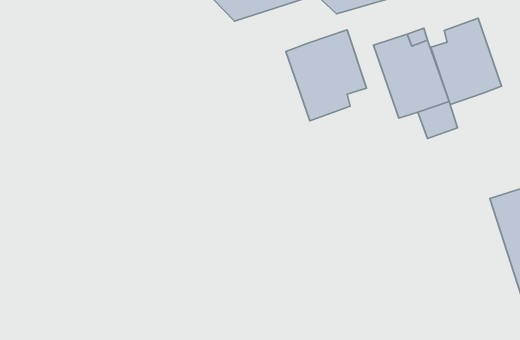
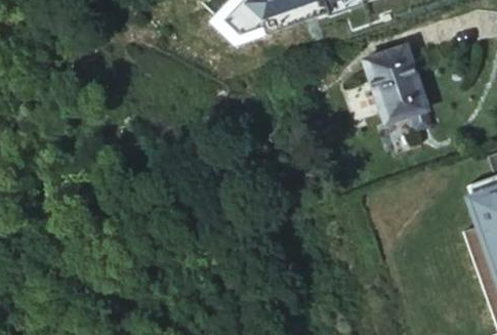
building: [431,18,501,104] -> none
building: [286,30,366,121] -> none

